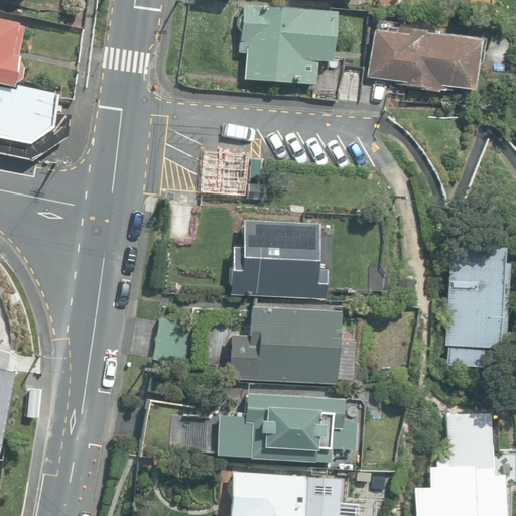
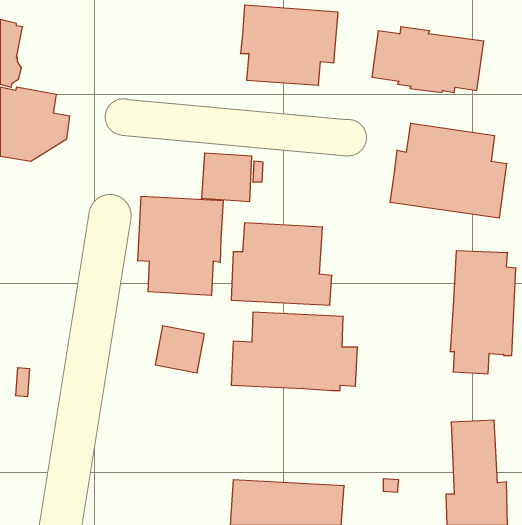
building: none -> [390,123,507,218]
building: none -> [138,196,223,296]
building: [218,393,356,462] -> none

